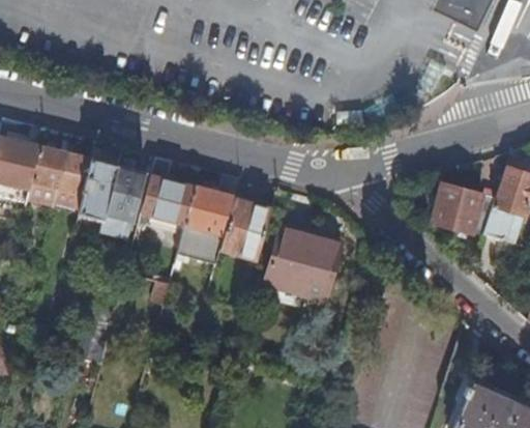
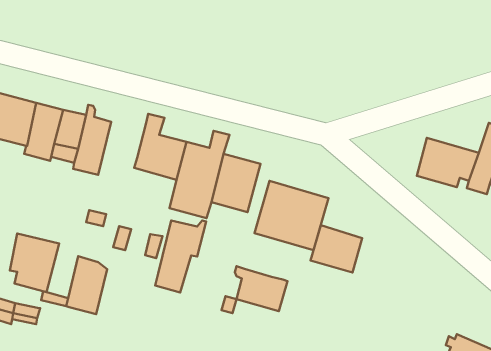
building: [100,165,153,239] -> [155,221,206,293]
building: none -> [311,225,362,272]
building: none -> [10,233,59,292]
building: none -> [235,266,287,311]

